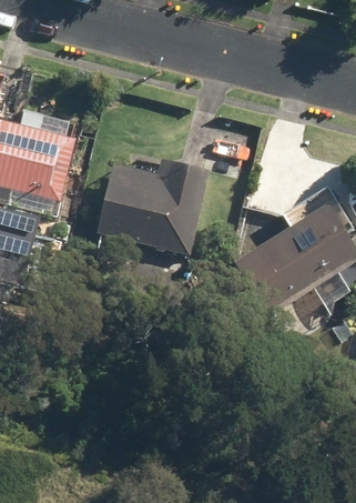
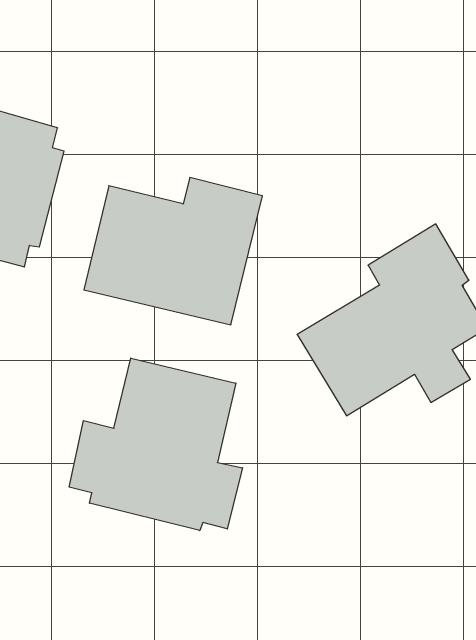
building: none -> [69,358,243,531]

